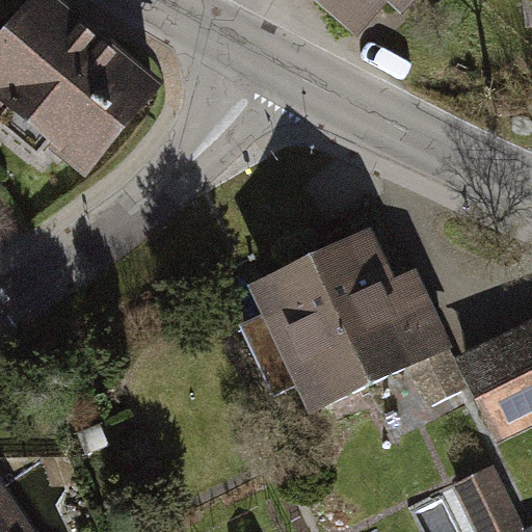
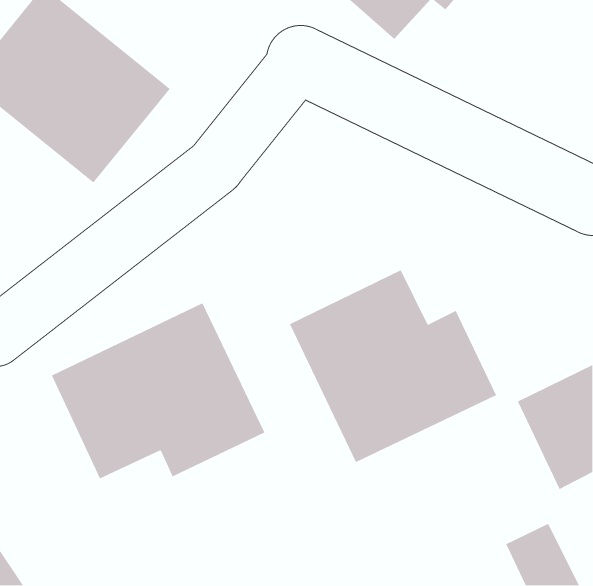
building: none -> [51,302,265,480]

